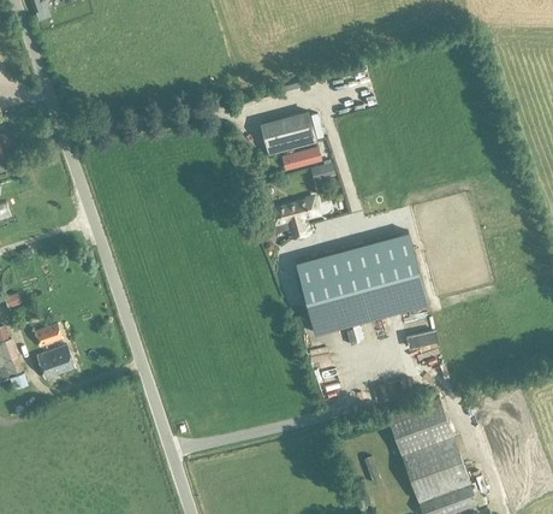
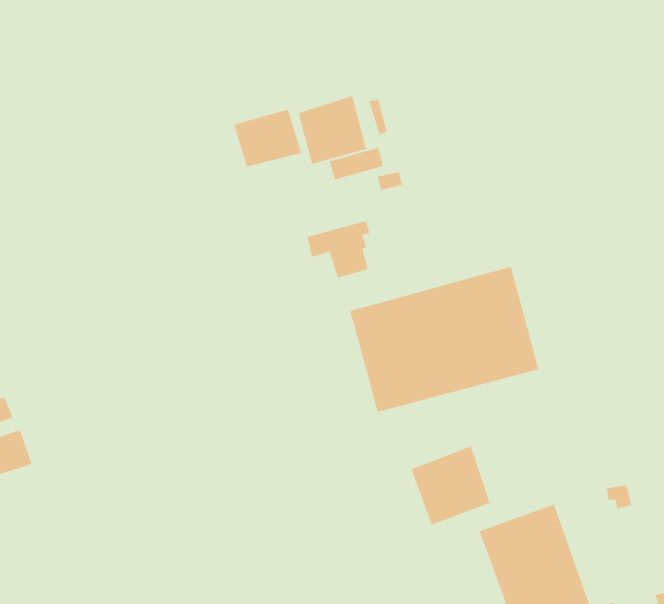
building: none -> [233,109,302,168]
building: none -> [411,446,490,525]

